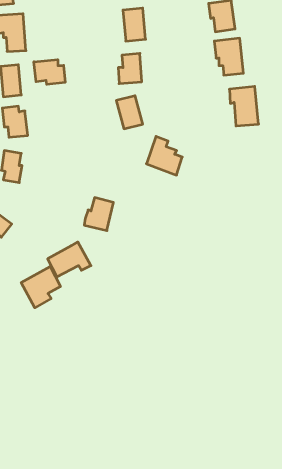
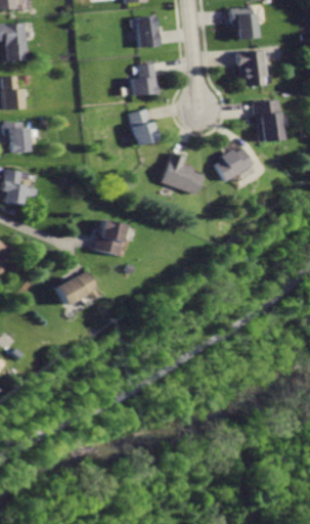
building: [34,60,65,84] -> none
building: none -> [213,148,254,183]
building: [21,266,60,308] -> none

